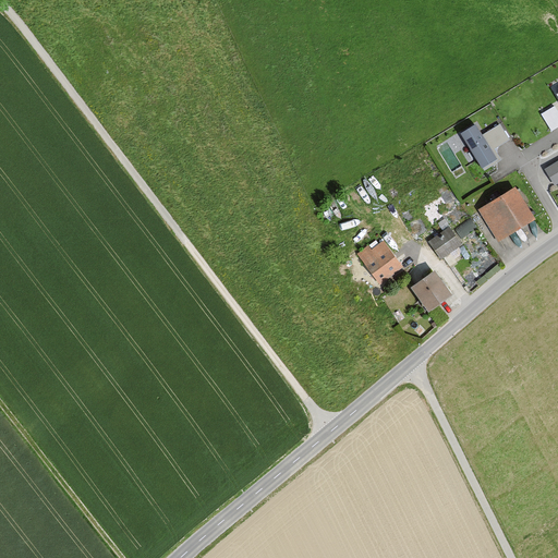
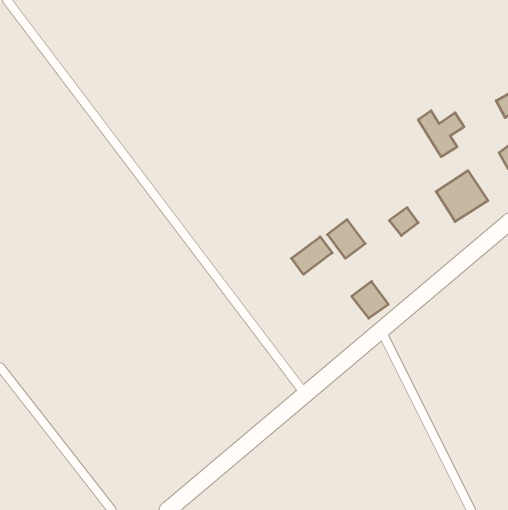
building: none -> [291,237,332,274]
building: [409,268,449,308] -> [352,281,388,318]

